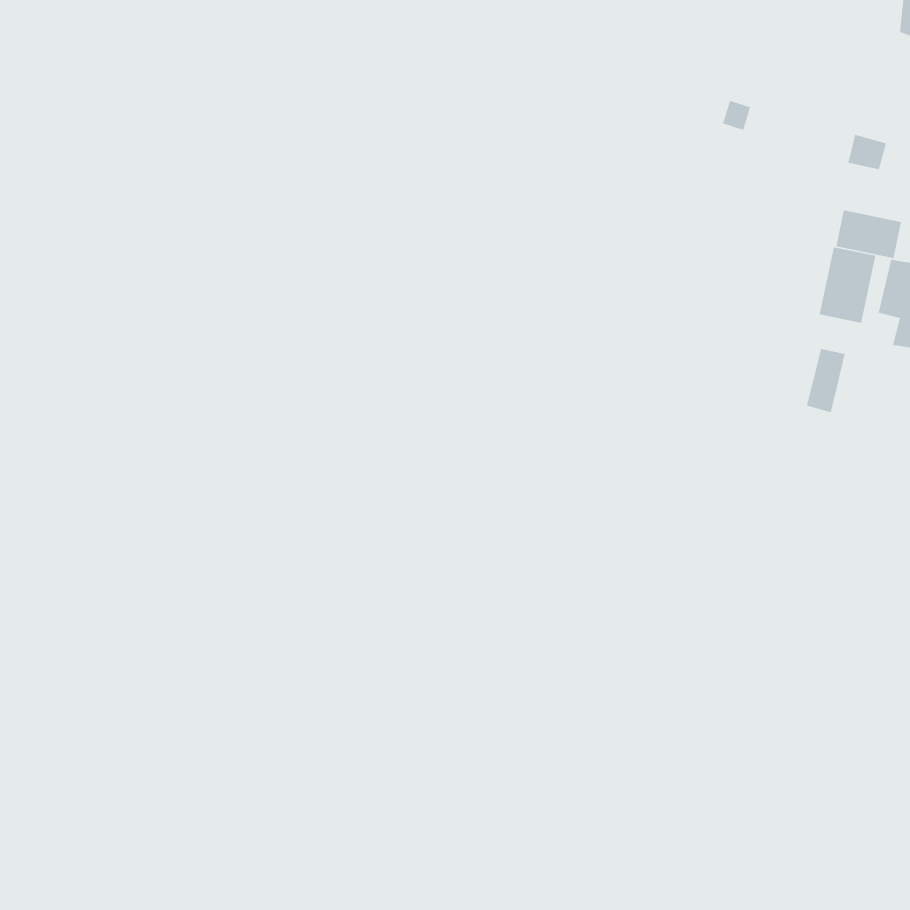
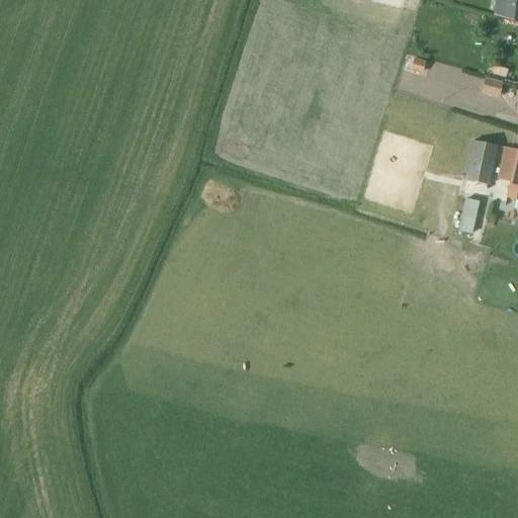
building: [836,209,902,259] -> none

